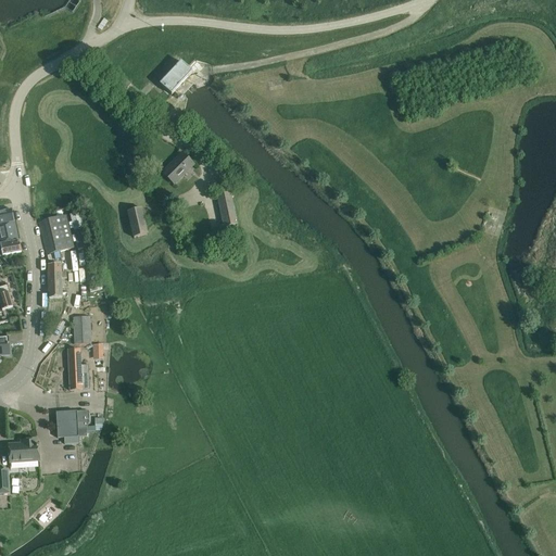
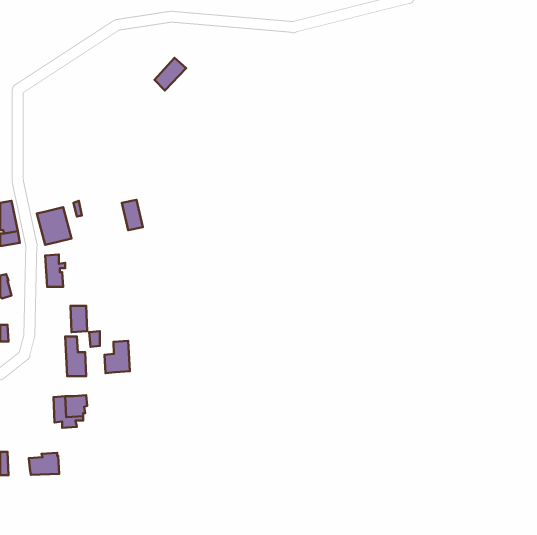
building: [162,151,193,182] -> none
building: [216,191,238,226] -> none
building: none -> [104,341,130,373]
building: [8,438,39,460] -> [29,453,59,475]

